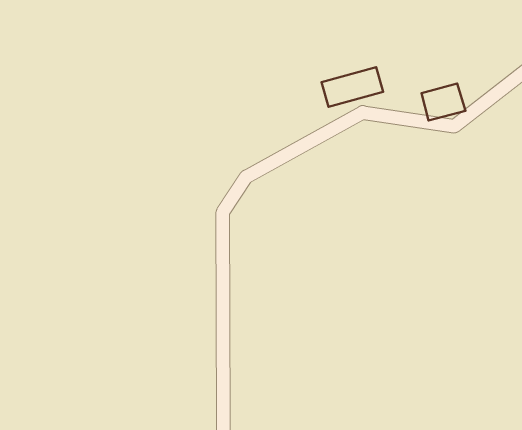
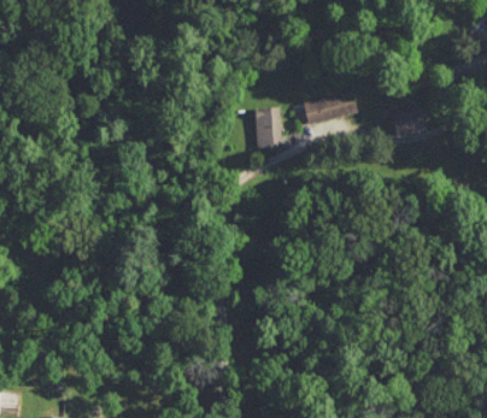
building: none -> [253,108,280,147]

